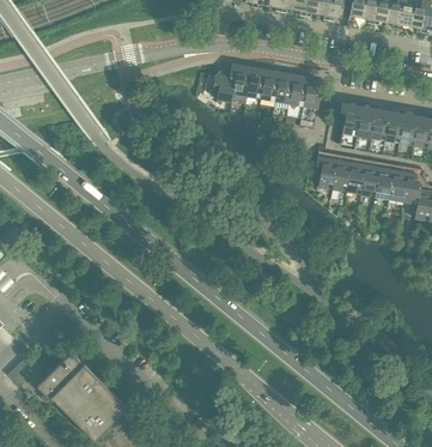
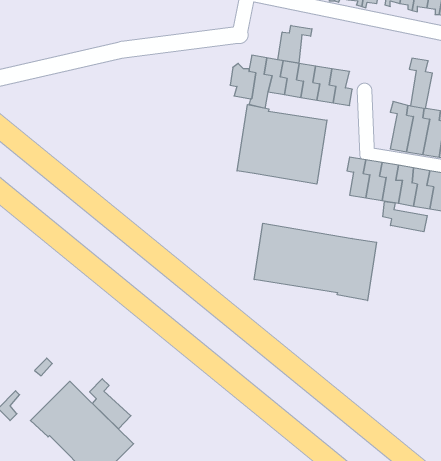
building: none -> [278,25,312,63]
building: [340,102,360,146] -> [409,58,432,108]
building: none -> [237,105,327,184]
building: none -> [383,201,427,232]
building: none -> [254,223,377,301]
building: none -> [90,379,131,429]

